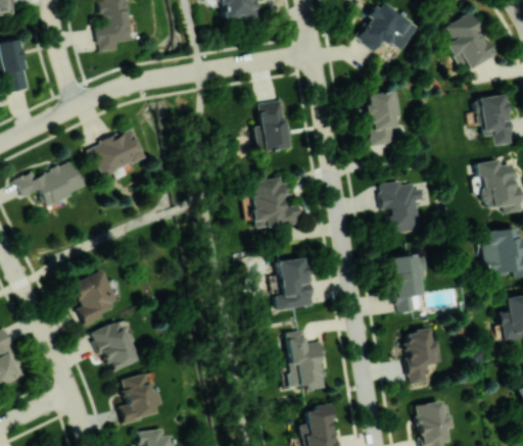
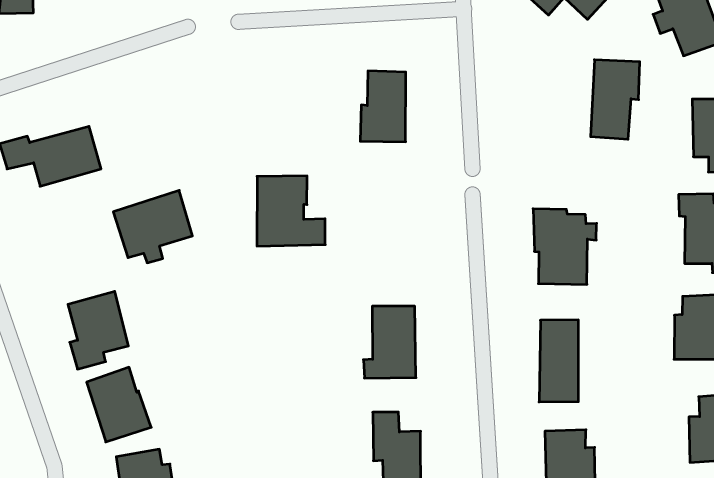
building: [369,91,401,145] -> [591,60,640,139]
building: [90,128,145,179] -> [113,190,192,263]
building: [251,177,302,228] -> [257,176,325,246]

